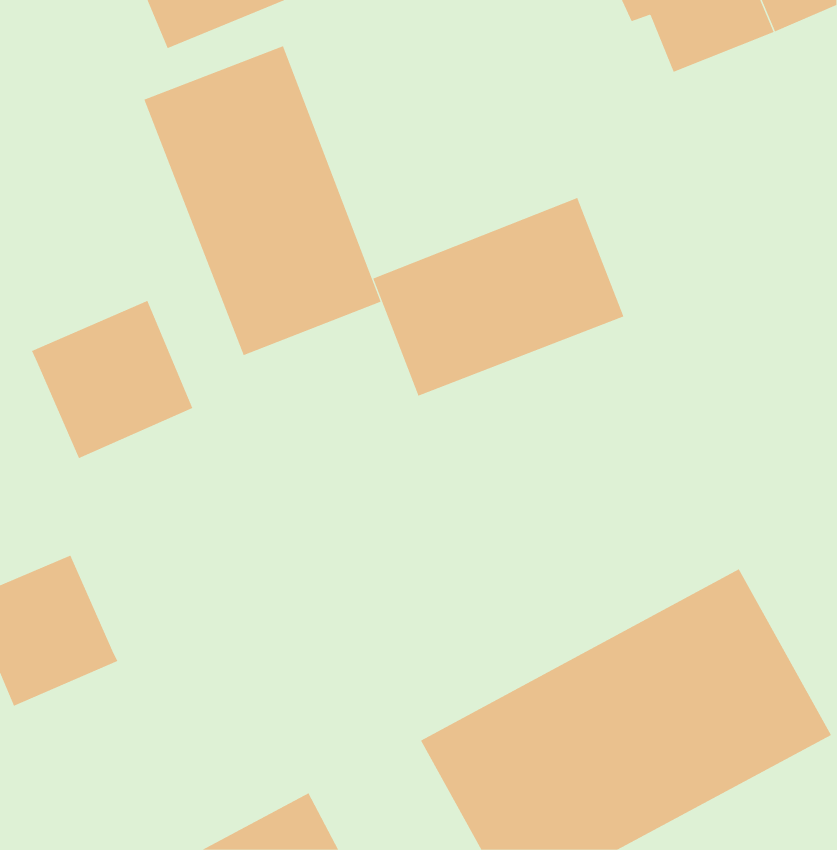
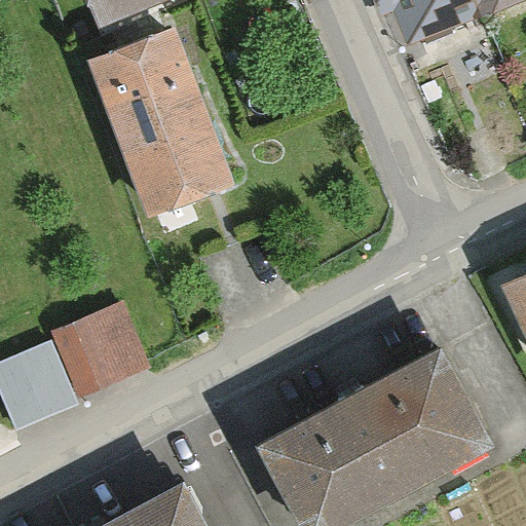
building: [372,197,624,397] -> none
building: [31,300,193,459] -> [40,300,139,397]

